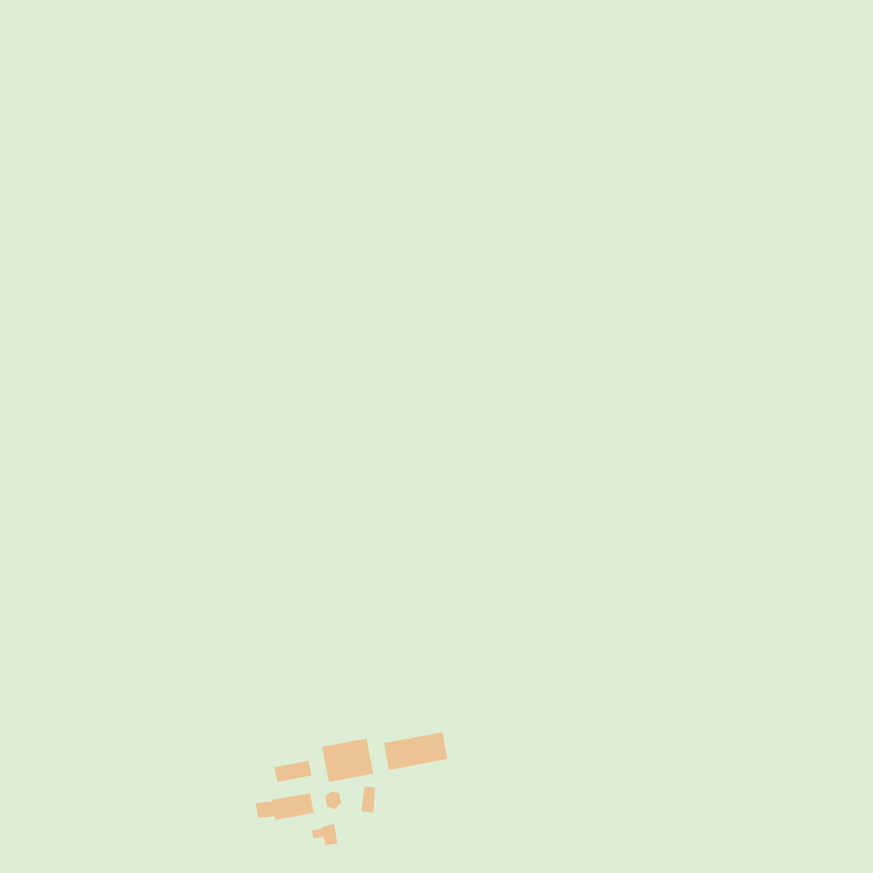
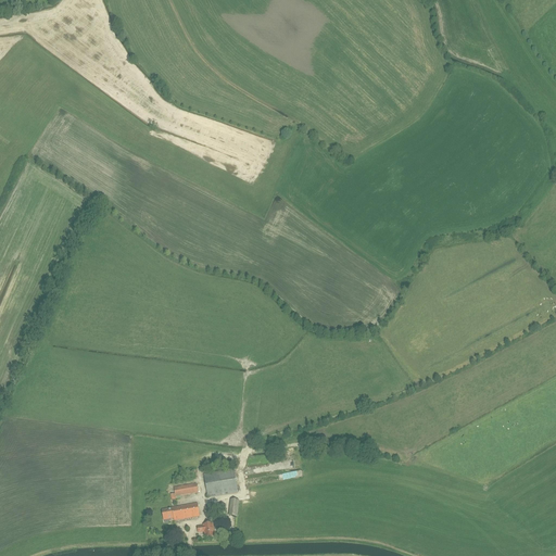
building: [383,731,448,771] -> none

